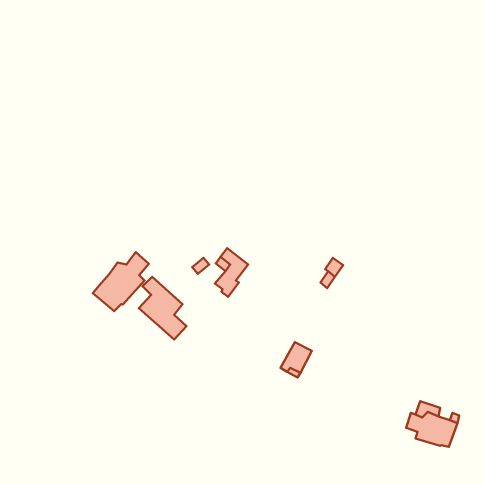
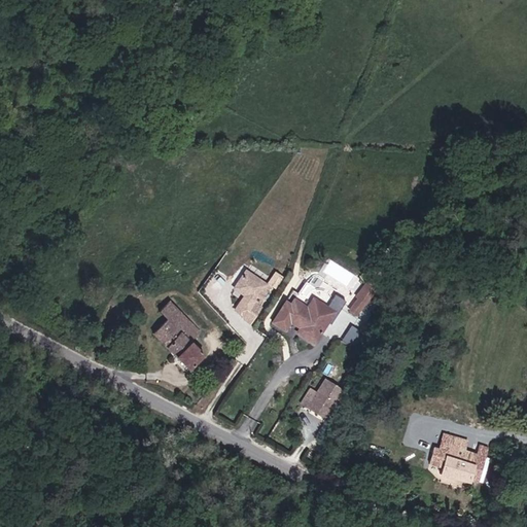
building: [93,252,149,311] -> none
building: none -> [274,301,336,344]

